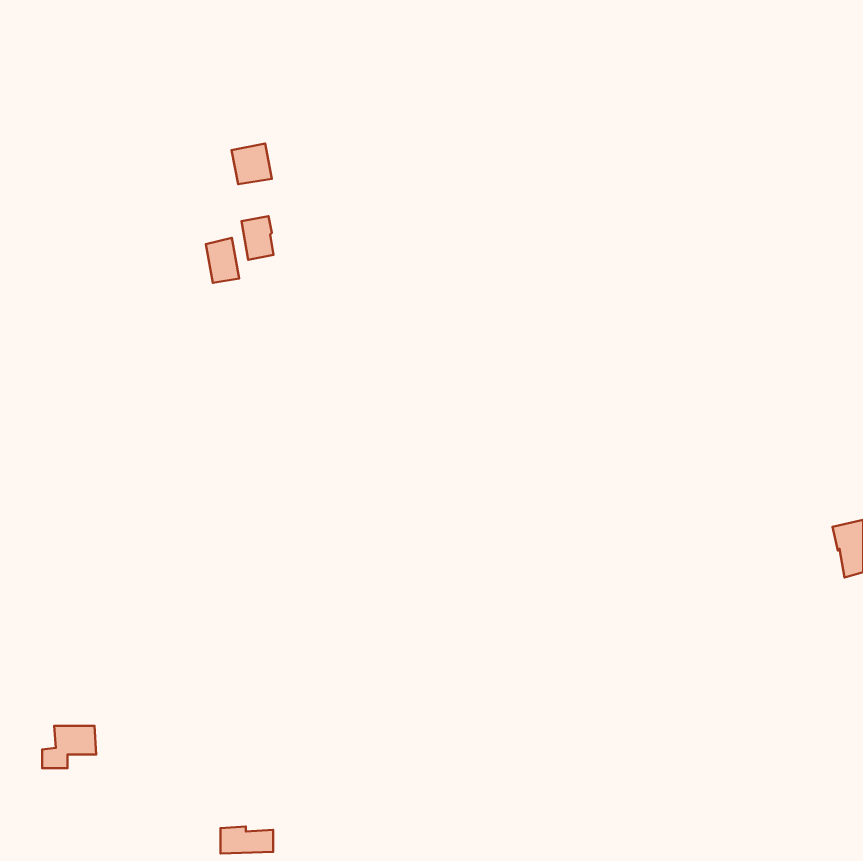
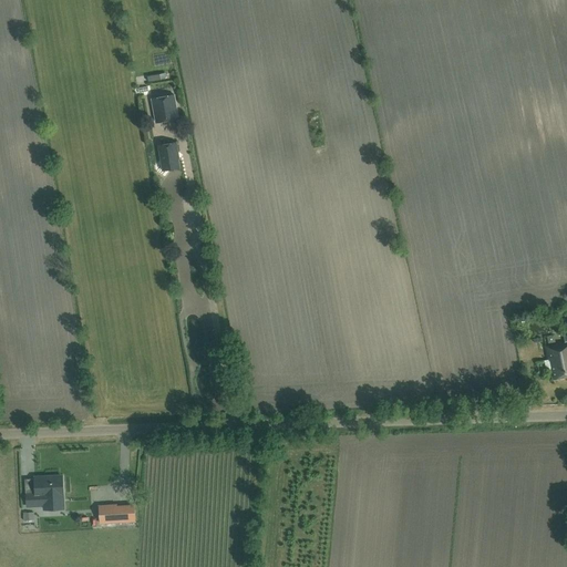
building: [206,238,239,283] -> none
building: [221,827,273,854] -> [96,502,131,519]

